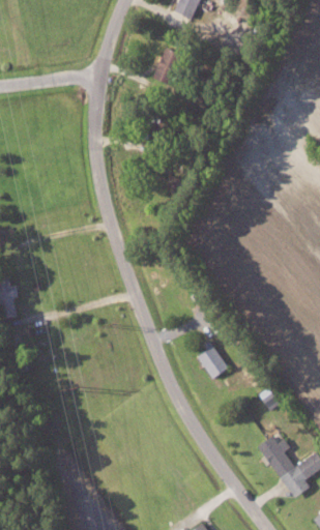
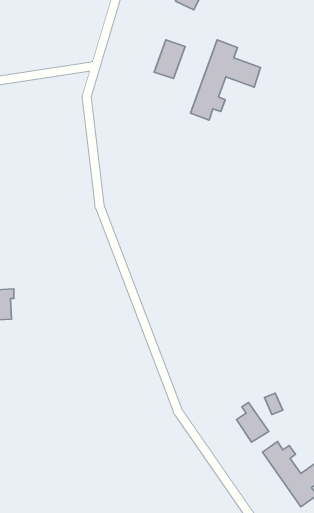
building: none -> [190,40,261,120]
building: [198,341,229,379] -> [237,402,269,442]

